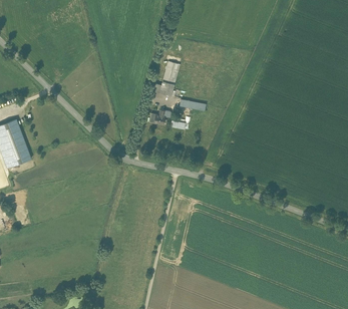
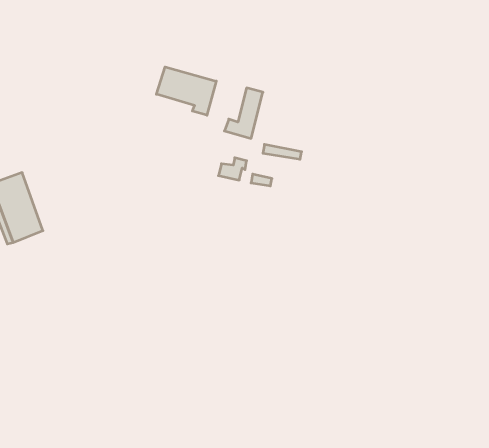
building: none -> [156,67,216,115]

